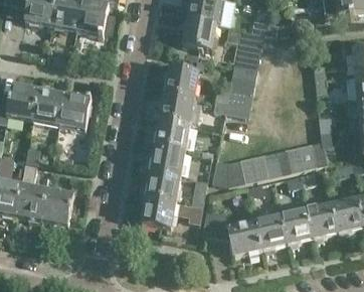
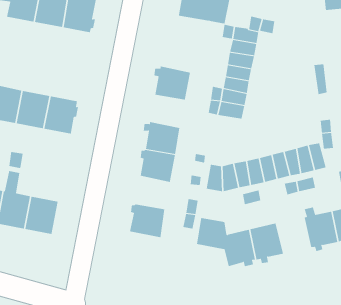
building: [180,18,215,49] -> none
building: [158,93,193,124] -> none
building: [145,169,179,200] -> none
building: [279,208,311,246] -> none

